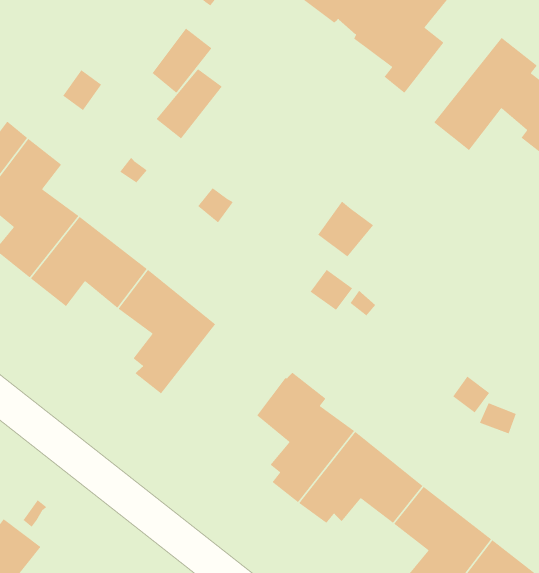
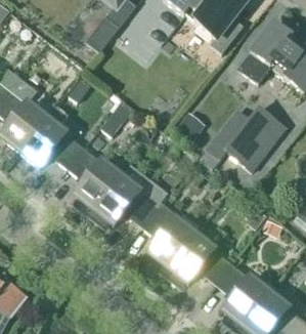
building: [156,68,223,139] -> none
building: none -> [206,105,288,172]
building: none -> [91,165,158,225]

